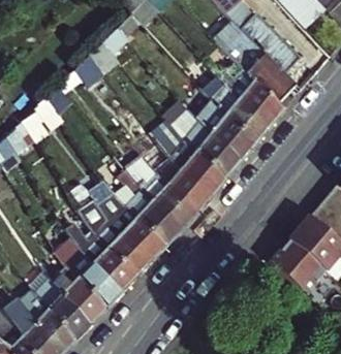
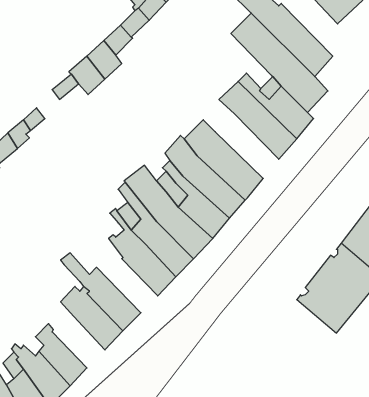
building: [200,104,255,160] -> none
building: [75,192,151,276] -> none
building: [54,276,105,323] -> none

